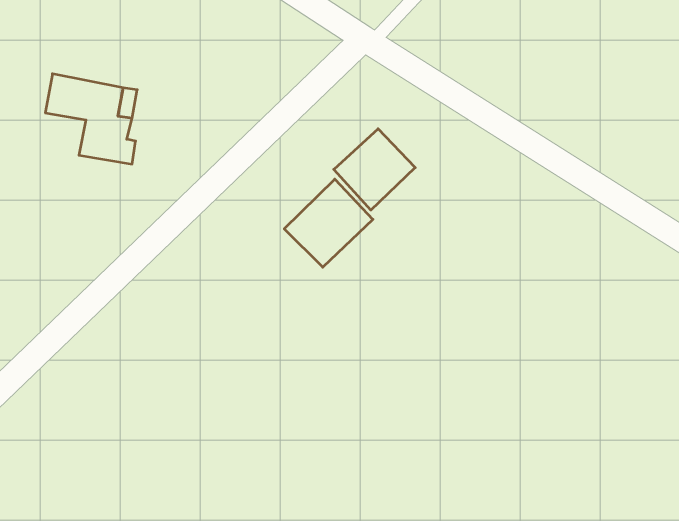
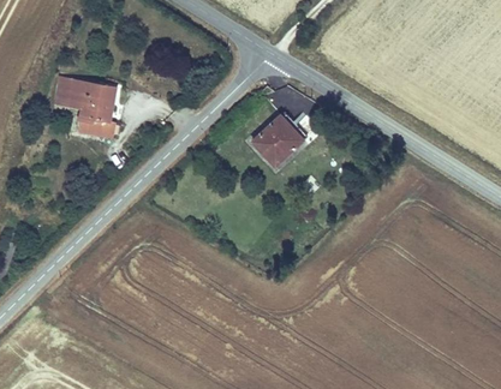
building: [284,179,373,267] -> none

